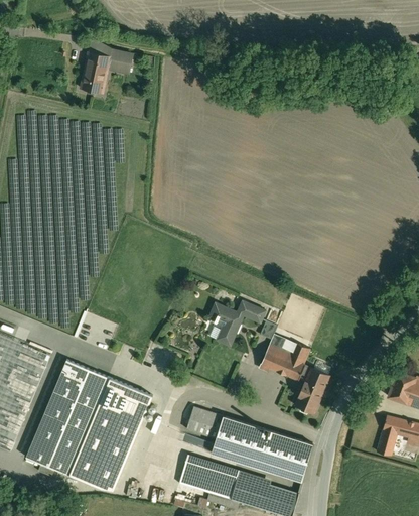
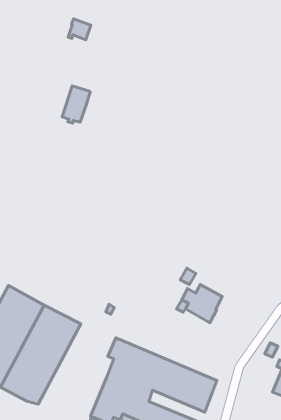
building: [81,52,110,95] -> [62,86,90,123]
building: [208,300,265,346] -> none
building: [294,365,330,413] -> none

